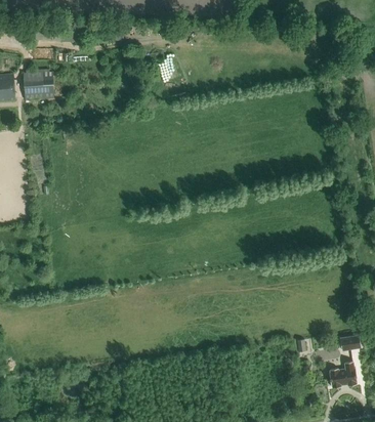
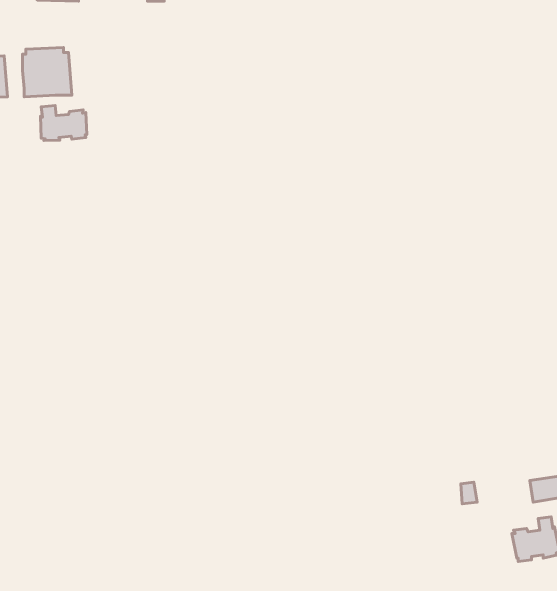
building: none -> [40,105,87,141]

